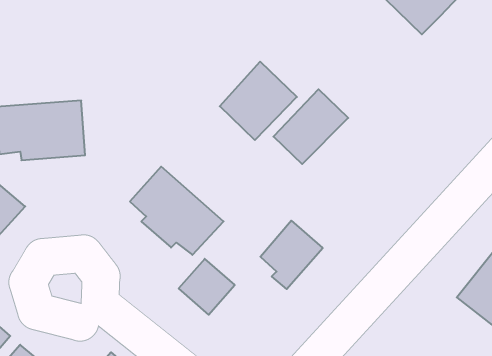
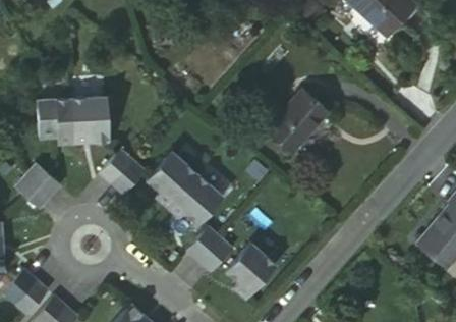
building: [220,62,297,140] -> none
building: none -> [96,148,141,194]
building: [260,221,323,289] -> [224,239,275,296]

